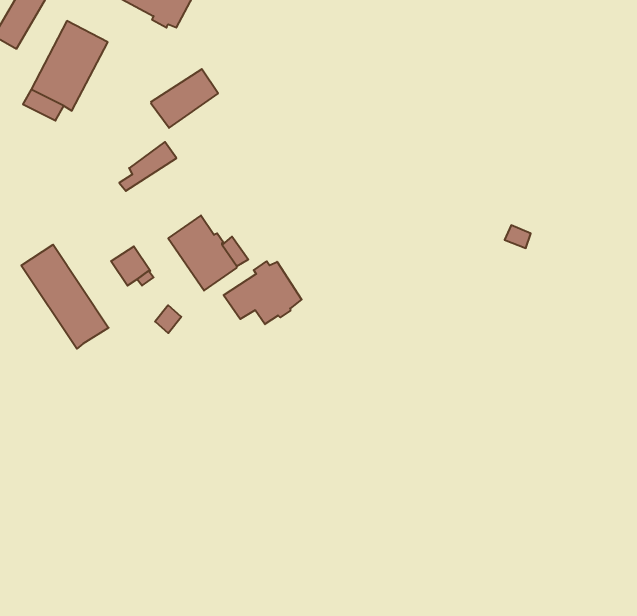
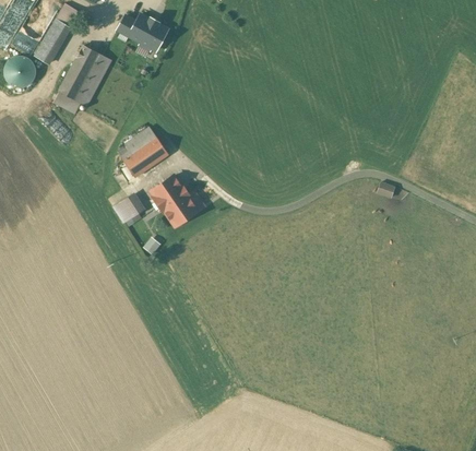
building: [151,69,218,128] -> [122,138,167,177]
building: [21,245,109,349] -> none
building: [224,261,302,324] -> none

